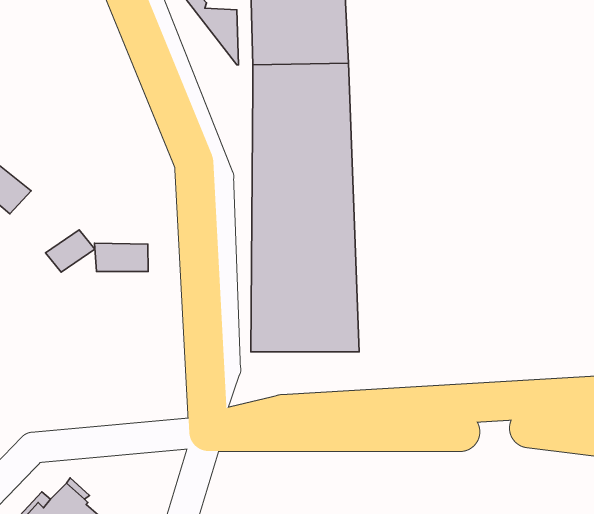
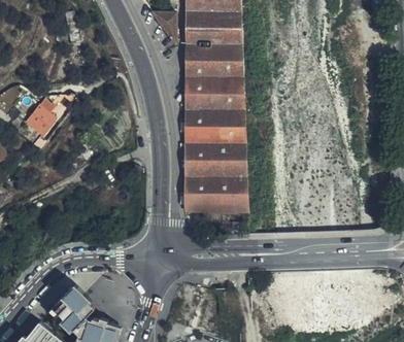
building: [95,243,148,272] -> none

